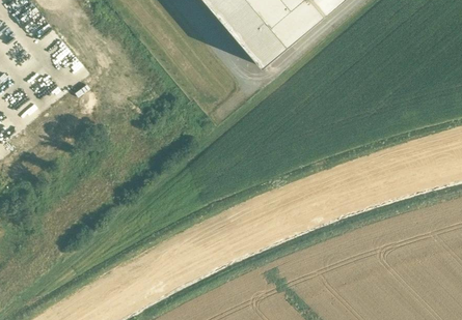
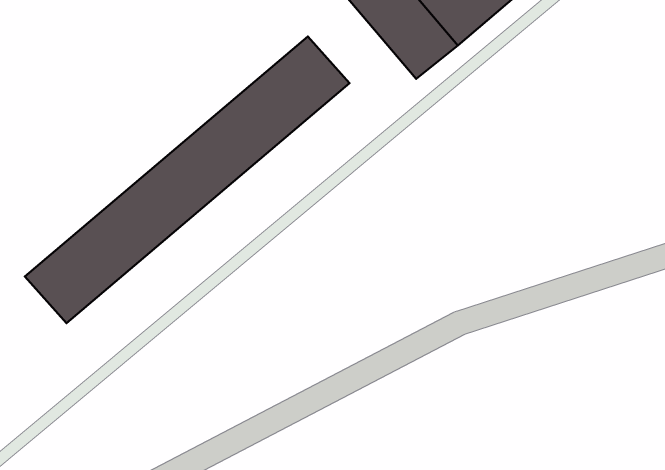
building: none -> [25,36,349,323]

